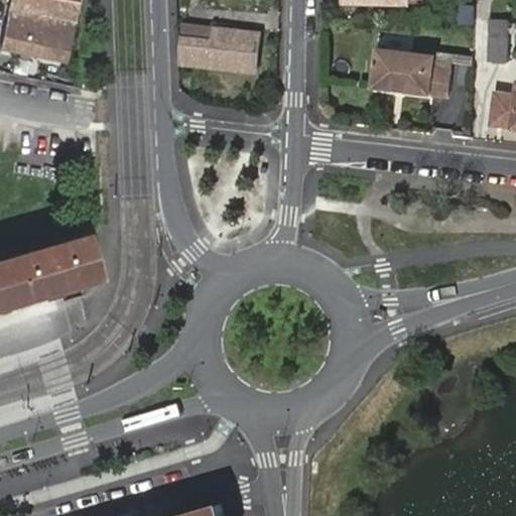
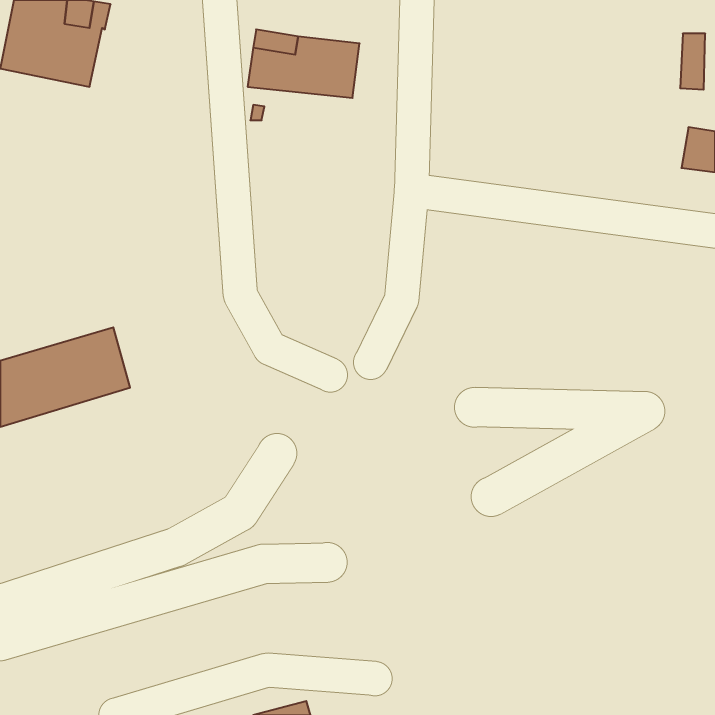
building: [370,49,452,100] -> none

